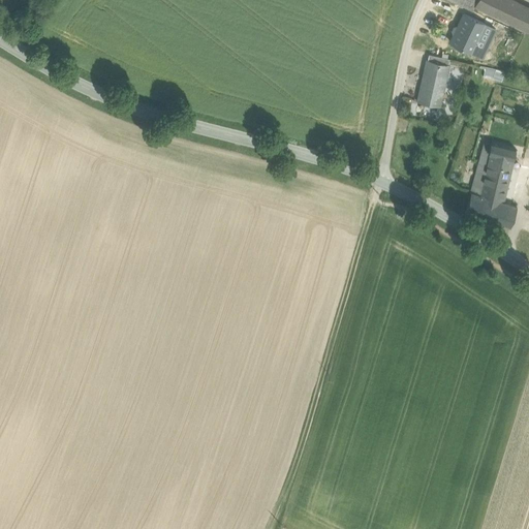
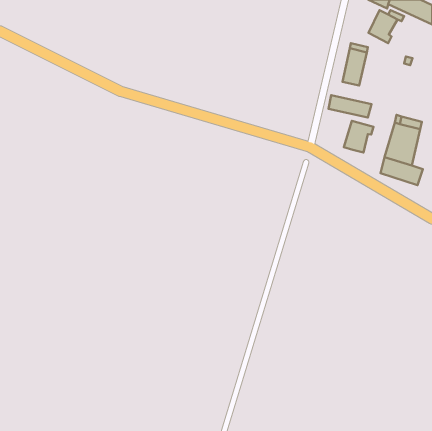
building: none -> [329,95,371,118]
building: none -> [344,121,373,153]

